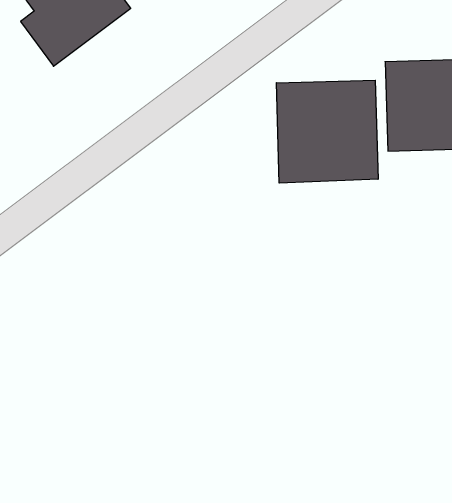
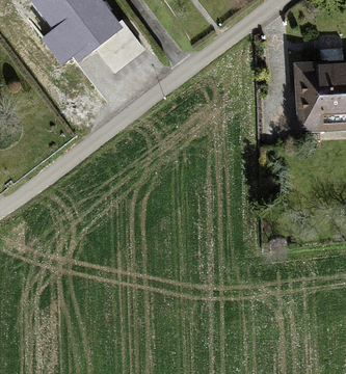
building: [276,80,378,183] -> none

